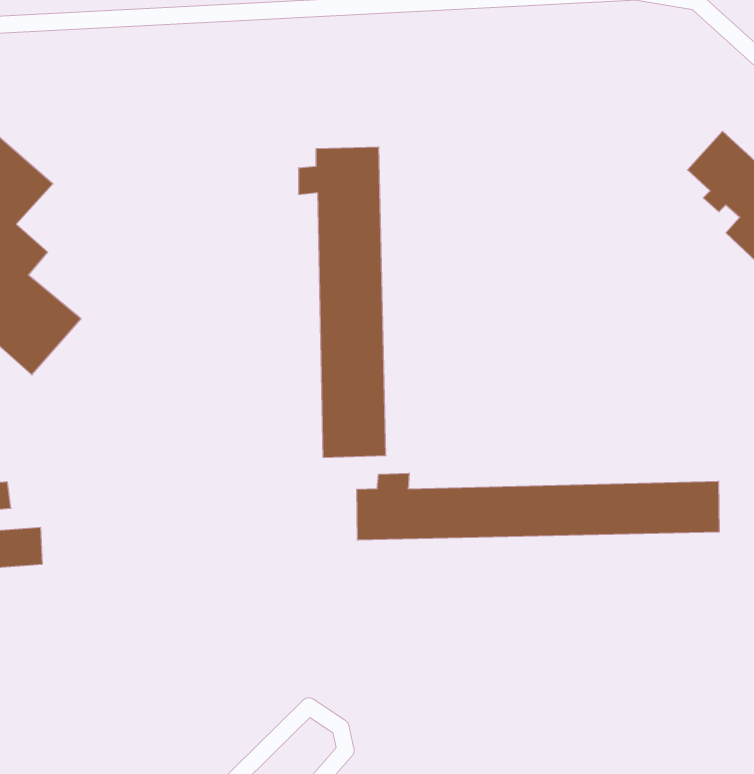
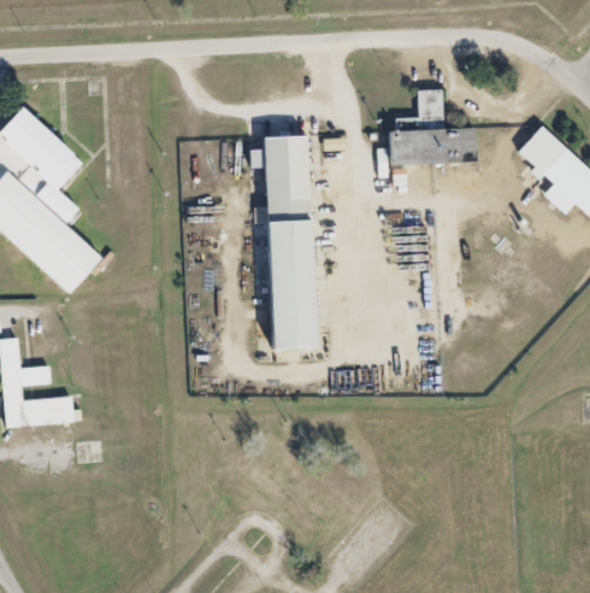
building: none -> [384,88,479,164]
building: [357,473,719,540] -> none

